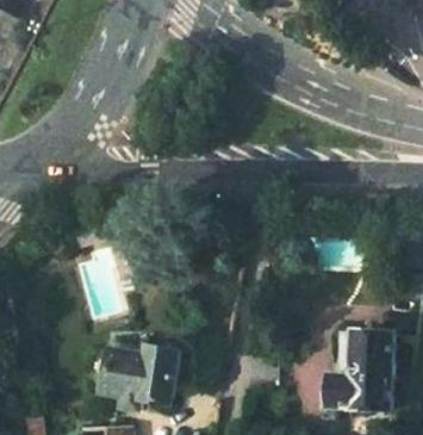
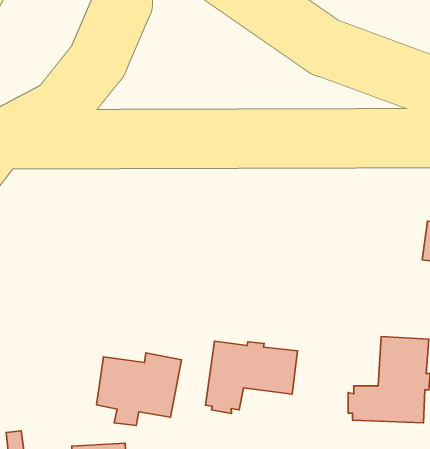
building: none -> [206,341,297,414]

